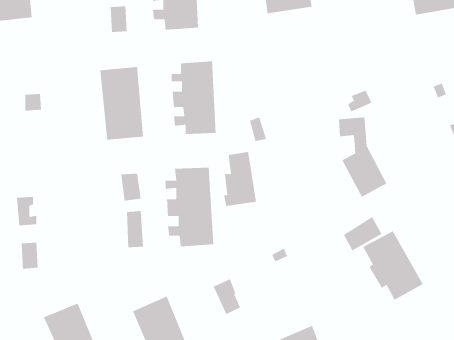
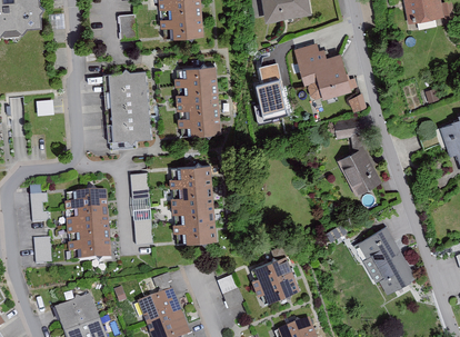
building: none -> [290,33,356,100]
building: [223,151,257,206] -> [253,63,286,116]
building: none -> [64,194,108,264]
building: [343,216,382,251] -> none
building: none -> [251,257,299,304]

